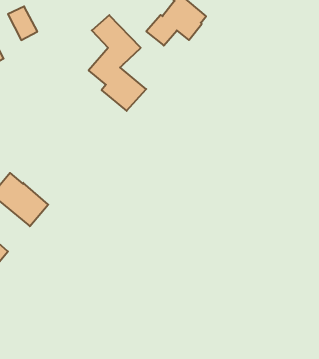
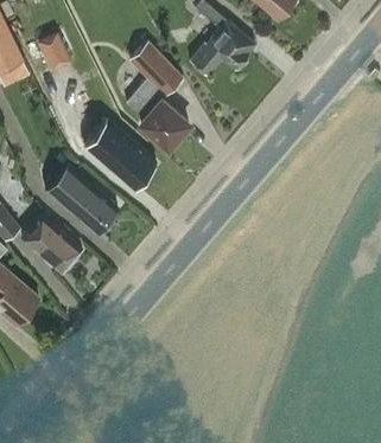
building: none -> [85,120,157,188]
building: none -> [46,163,119,232]

